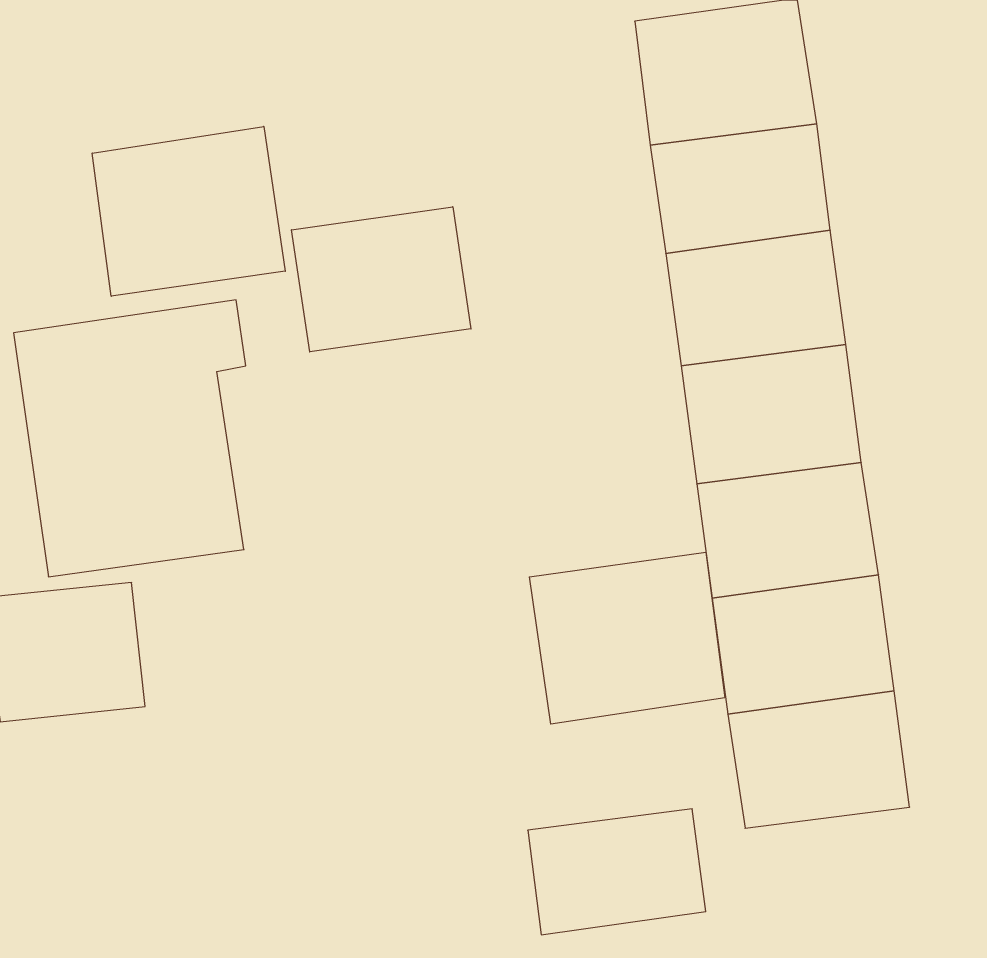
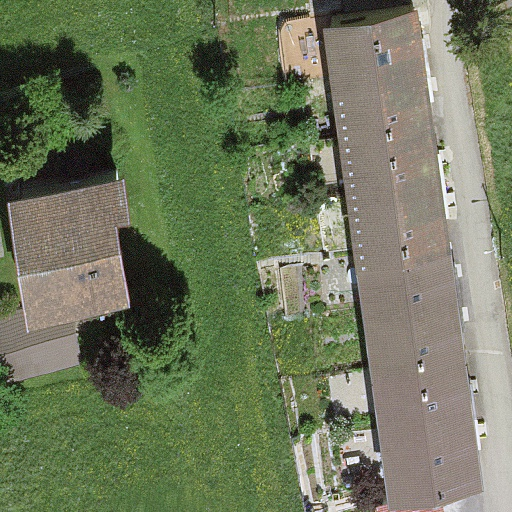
building: [92,126,285,296] -> none
building: [292,207,471,352] -> none
building: [529,552,725,724] -> none
building: [528,809,706,935] -> [385,433,477,498]

